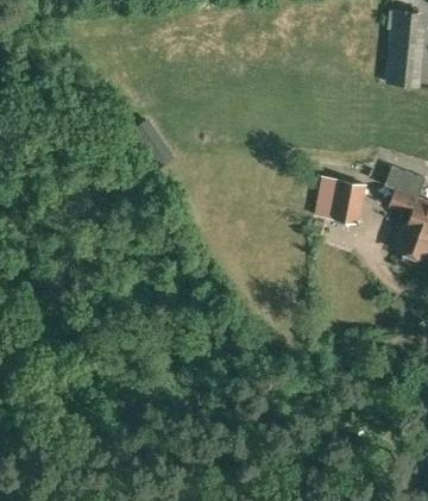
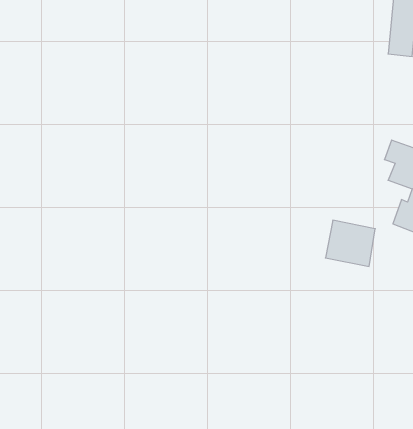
building: [314,179,363,224] -> [325,220,375,266]

